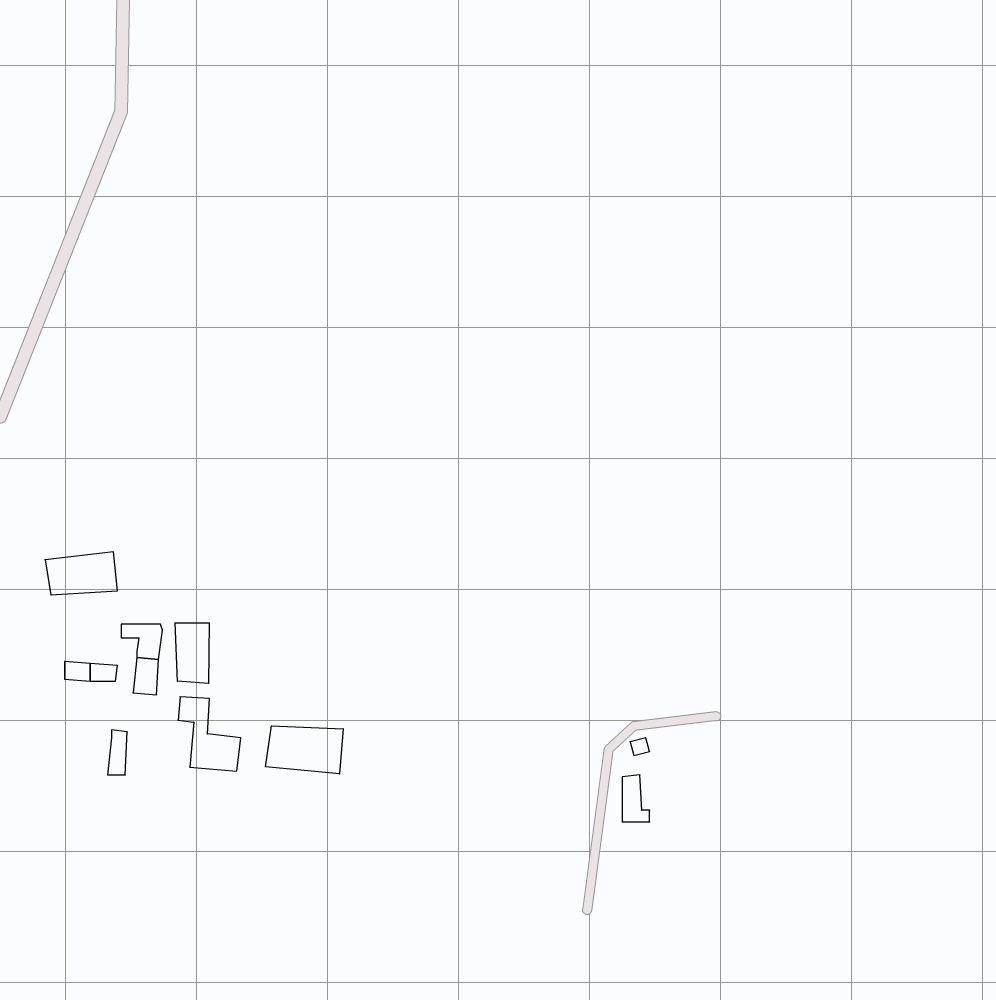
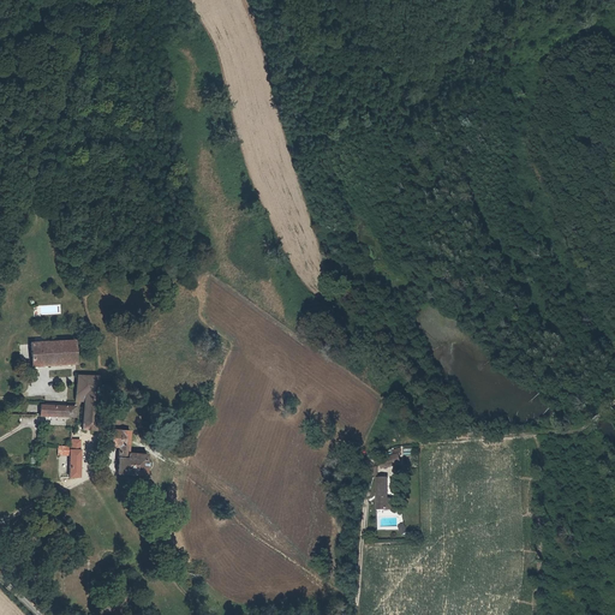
building: [175,623,209,683] -> none
building: [266,726,343,774] -> none

